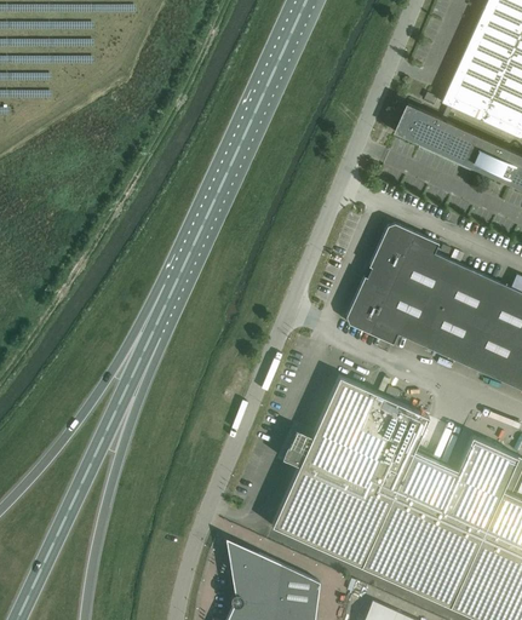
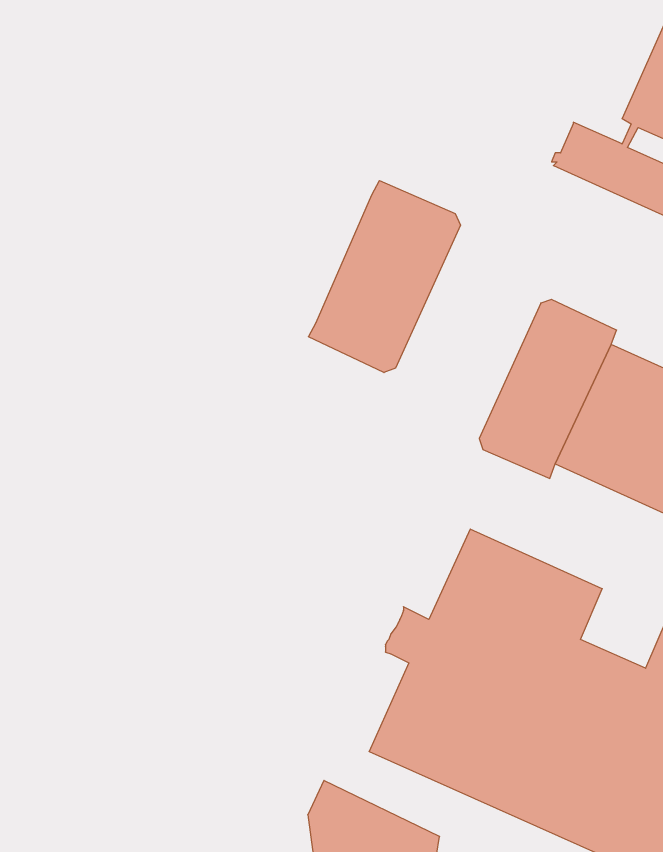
building: none -> [308,181,460,373]

